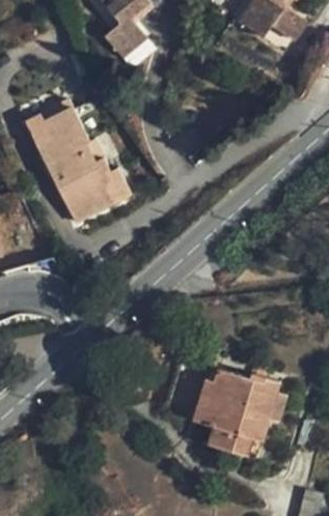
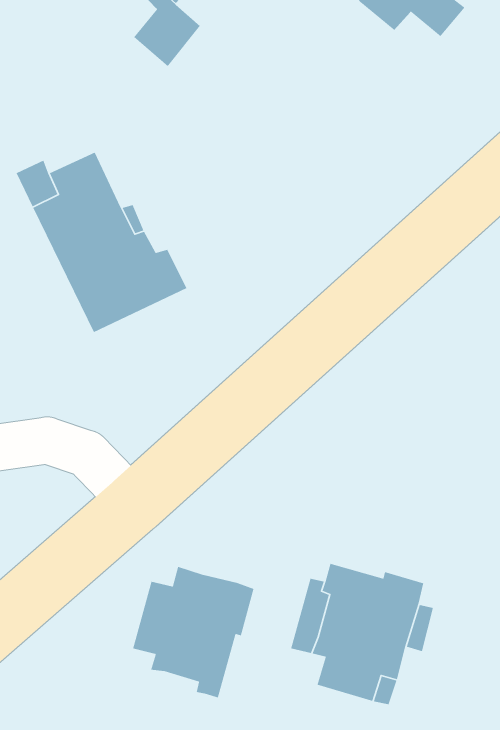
building: none -> [132,566,255,698]

